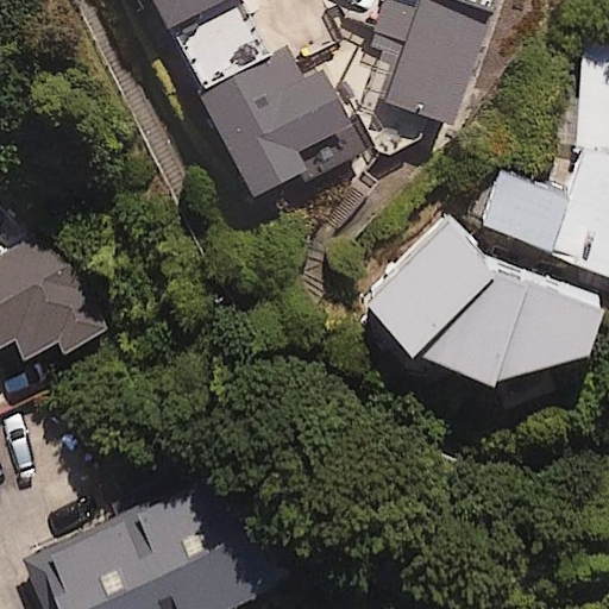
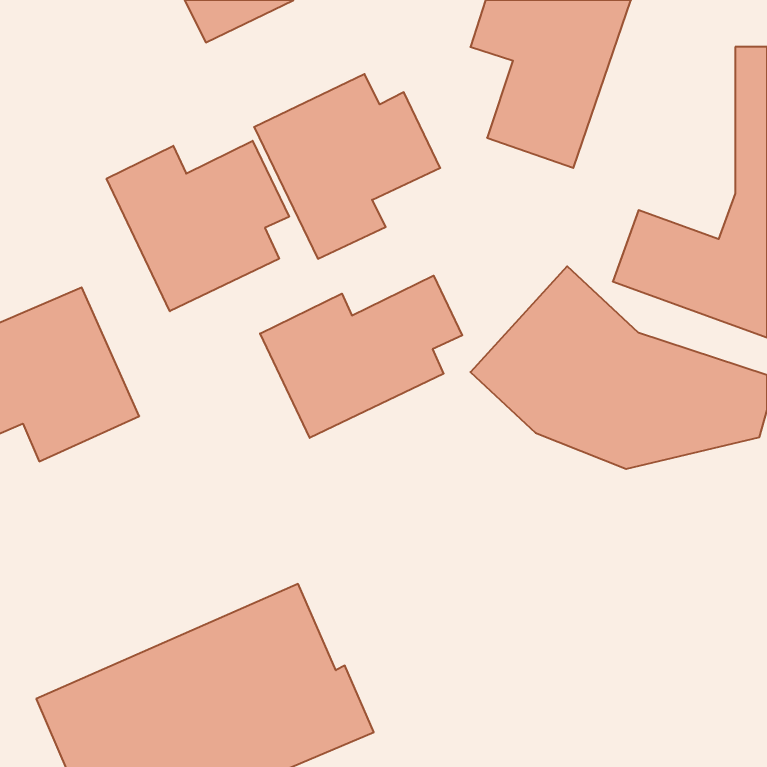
building: none -> [107,141,289,311]
building: none -> [260,276,462,438]

